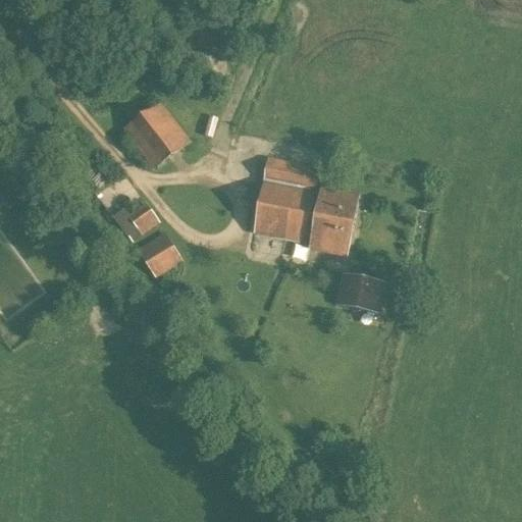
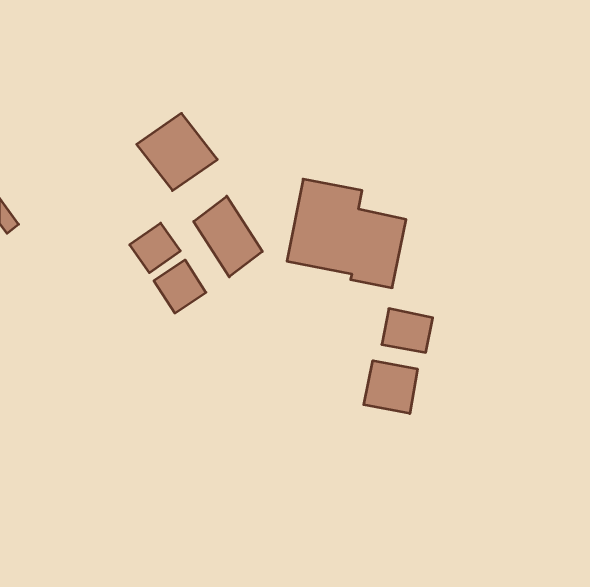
building: none -> [194,196,262,277]
building: none -> [364,361,417,414]

